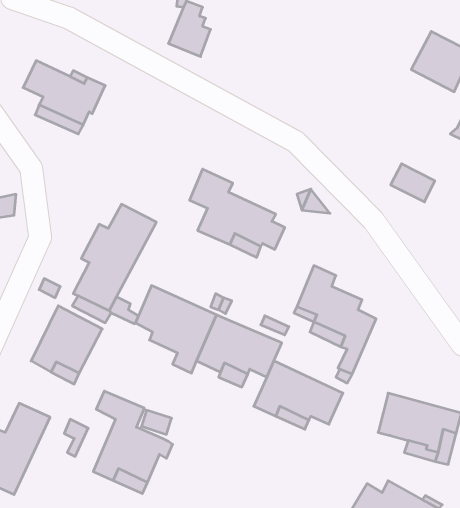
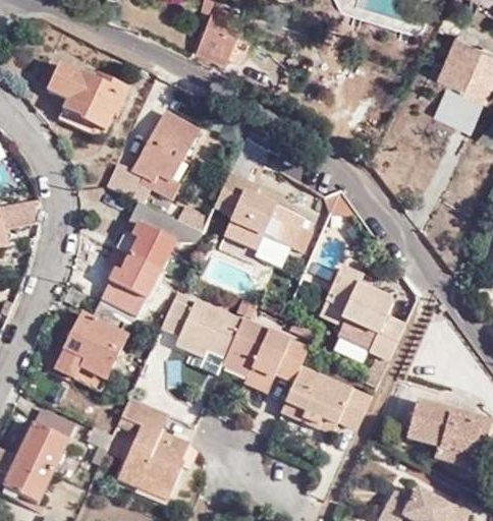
building: none -> [106,111,200,199]
building: [391,164,435,202] -> [433,91,478,129]

